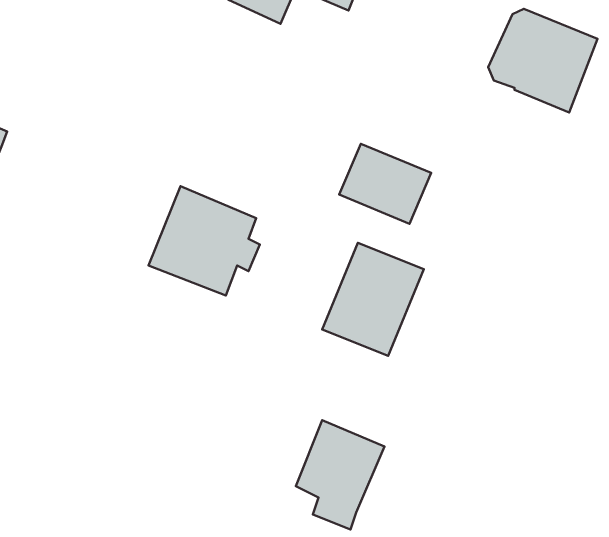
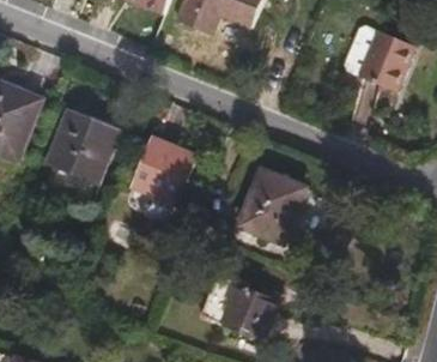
building: [339,144,431,224] -> none
building: none -> [48,113,117,183]

